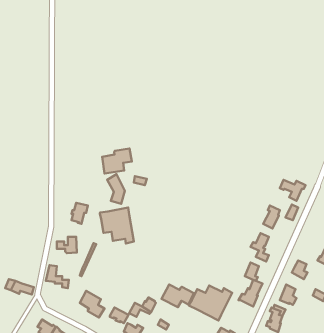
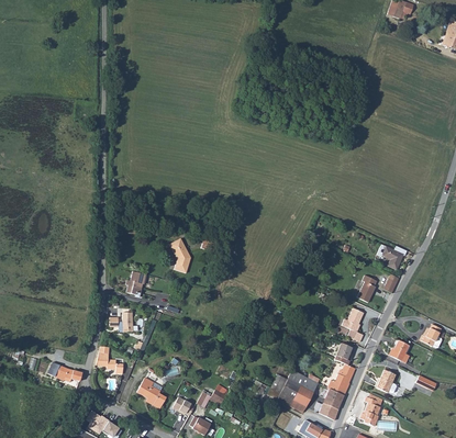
building: [102,148,132,173] -> none
building: [100,208,134,243] -> none
building: [162,285,194,307] -> none
building: none -> [319,388,344,419]

